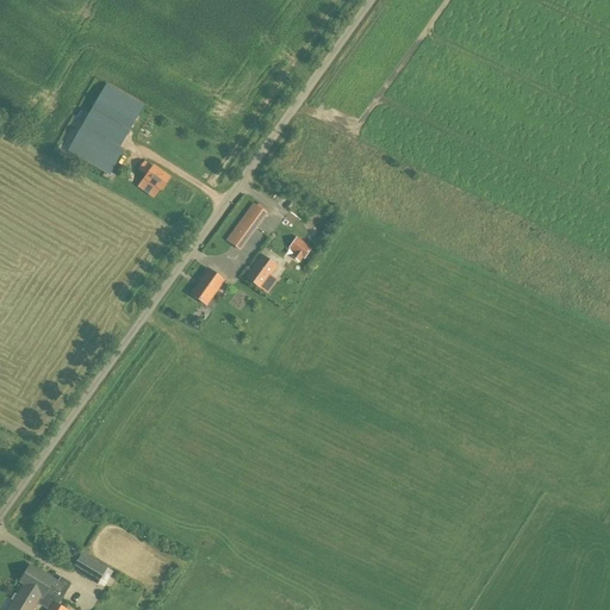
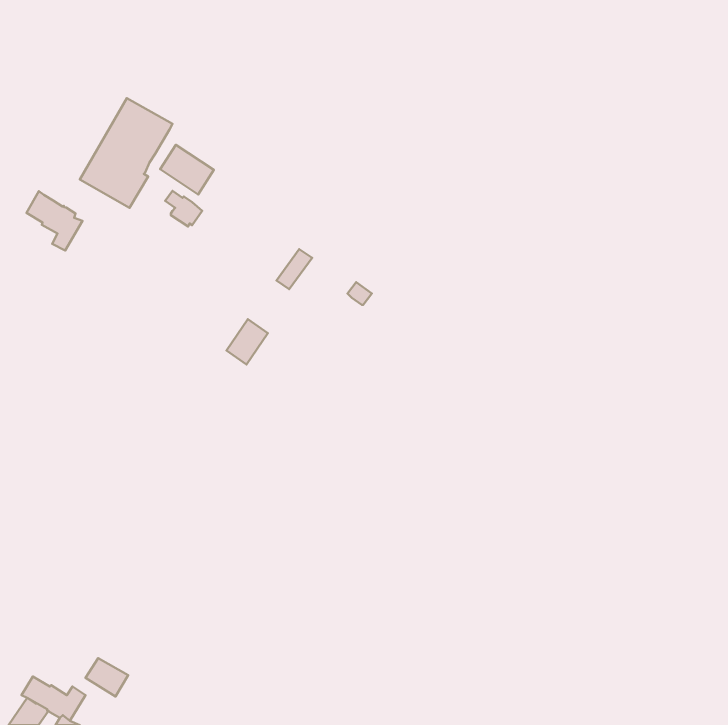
building: none -> [160,145,214,195]
building: none -> [26,191,82,251]
building: [245,254,276,291] -> none

